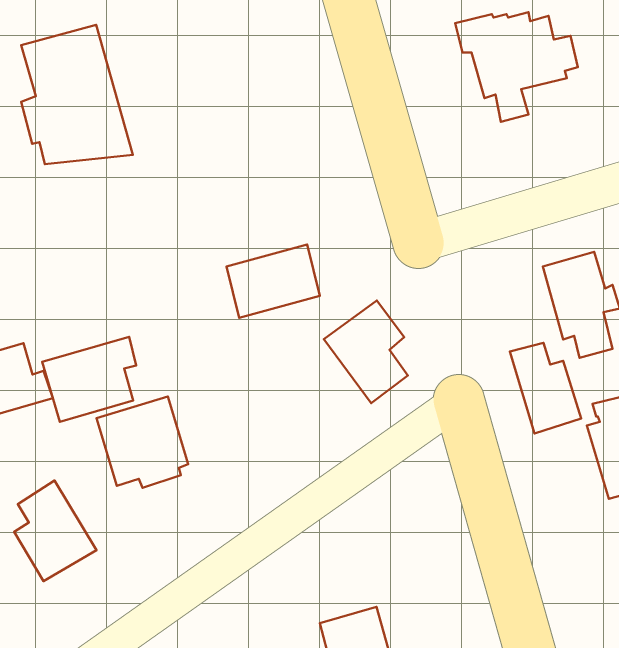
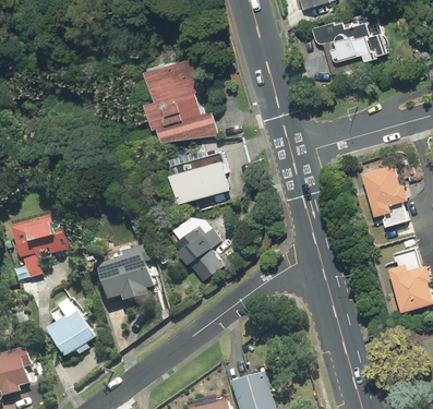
building: [21,25,133,164] -> [151,57,217,140]
building: [324,301,408,403] -> [170,220,220,281]
building: [42,337,136,422] -> none
building: [510,343,581,433] -> none

